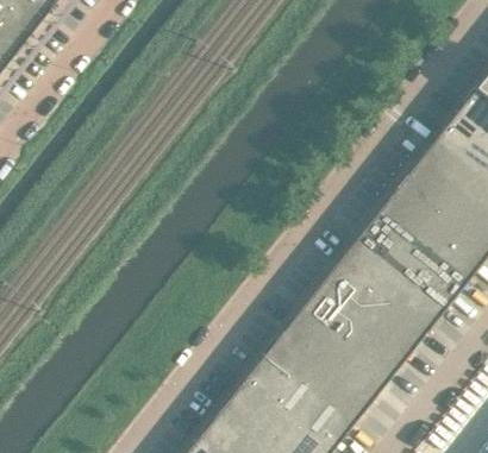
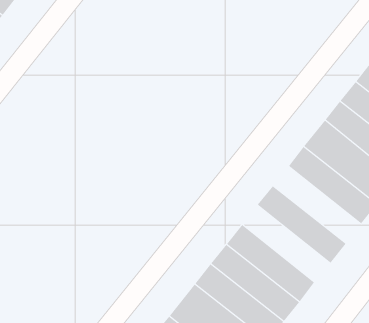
building: [337,239,444,333] -> none
building: [300,285,407,379] -> none

